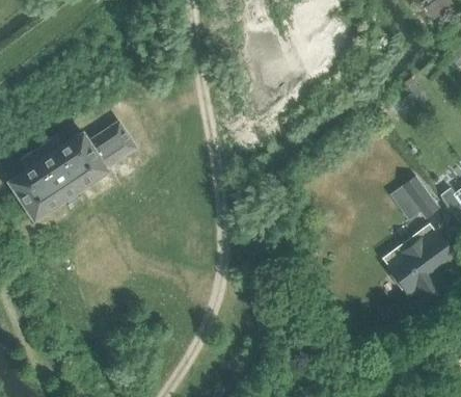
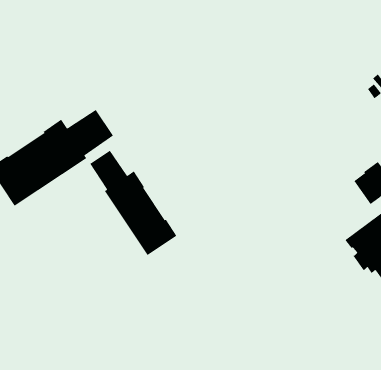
building: none -> [90,150,177,256]

